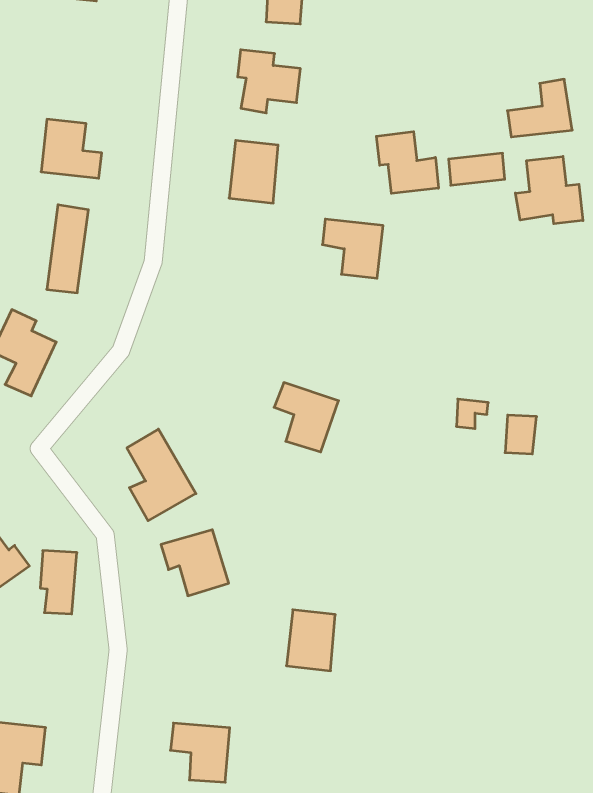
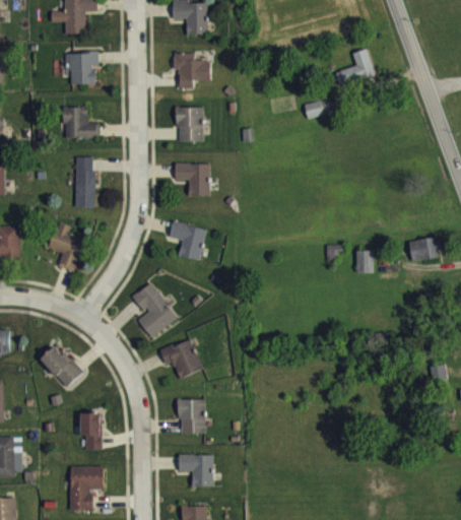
building: none -> [68,52,98,84]
building: [376,132,438,193] -> none
building: [515,156,583,224] -> none
building: [322,219,383,278] -> [175,164,209,195]
building: [274,383,339,452] -> [169,221,206,260]
building: [40,551,77,614] -> [80,412,102,450]
building: [286,610,335,671] -> [179,399,205,433]

